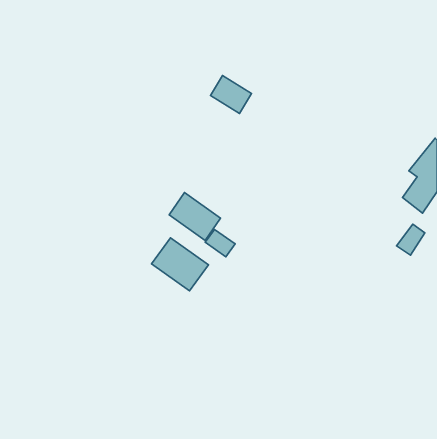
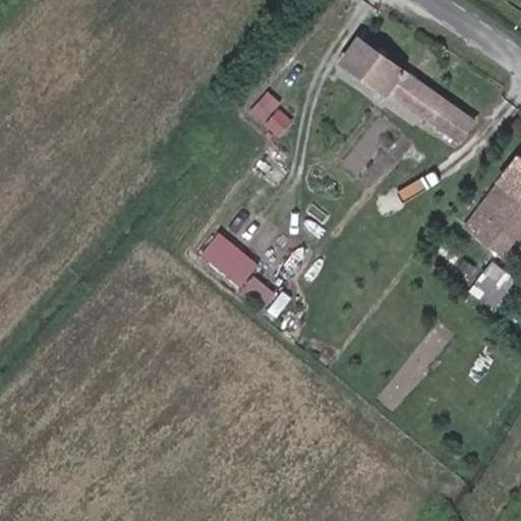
building: none -> [343,45,473,146]
building: [152,238,209,291] -> none

